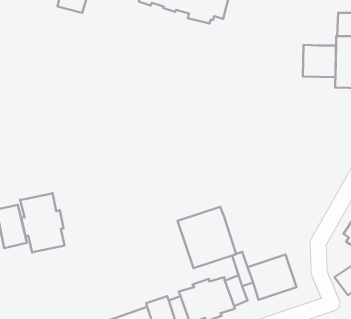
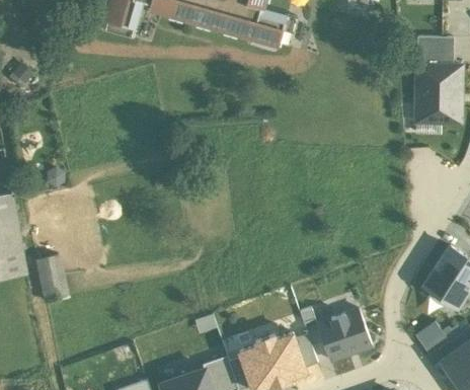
building: [303,45,336,77] -> none
building: [20,193,65,252] -> none
building: [178,207,236,268] -> none

